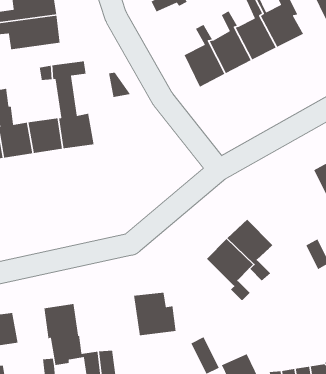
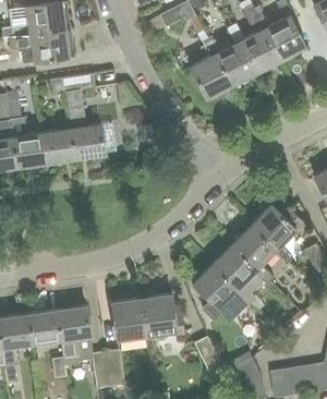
building: none -> [250,204,301,264]
building: none -> [191,263,244,323]
building: none -> [110,298,146,341]
building: none -> [25,310,59,343]

